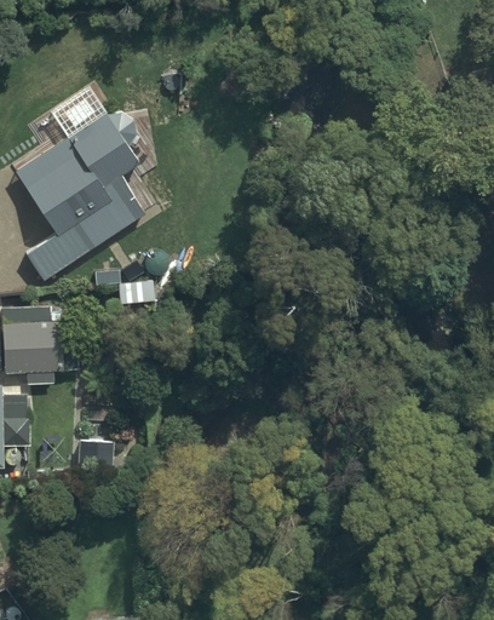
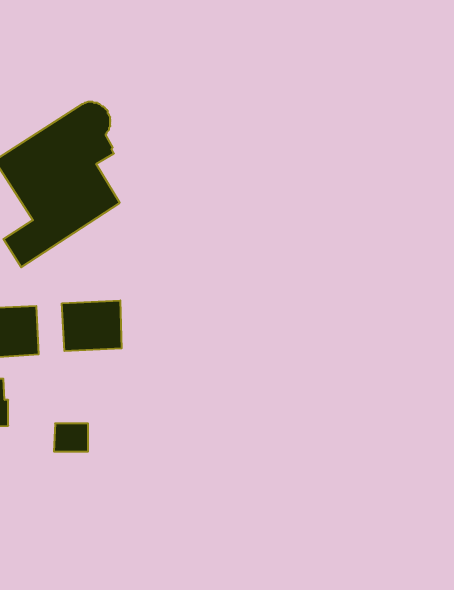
building: none -> [62,300,122,351]

